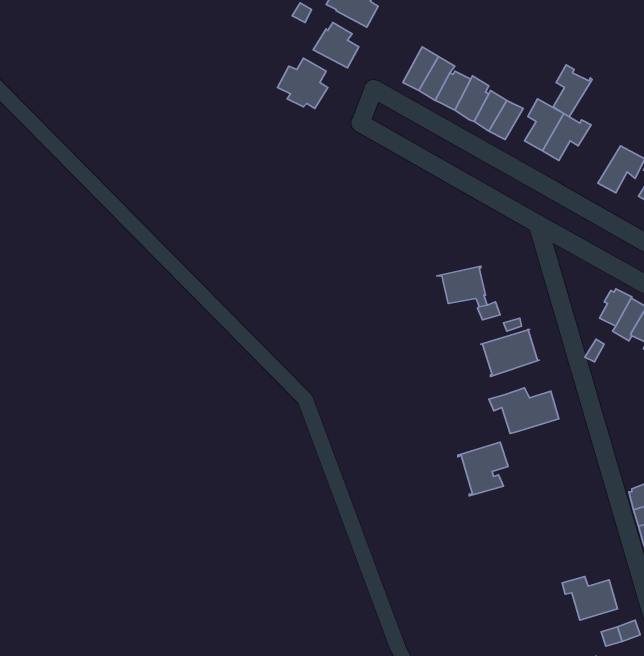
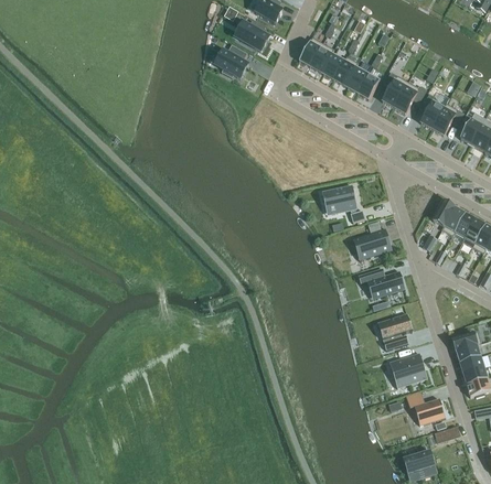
building: [553,65,592,117] -> [420,94,447,129]
building: [458,442,508,496] -> [378,313,413,349]
building: none -> [389,353,427,384]

